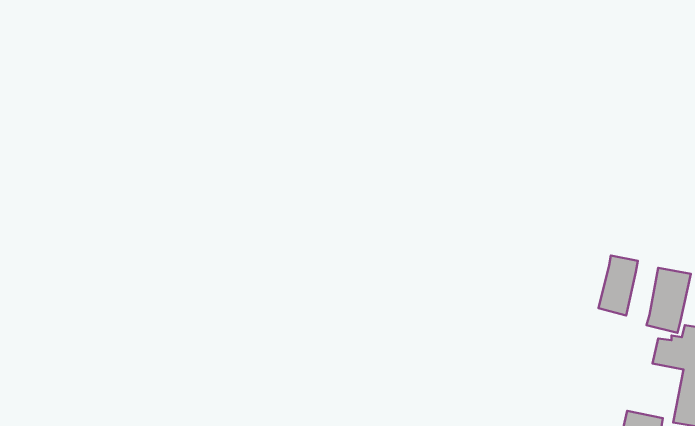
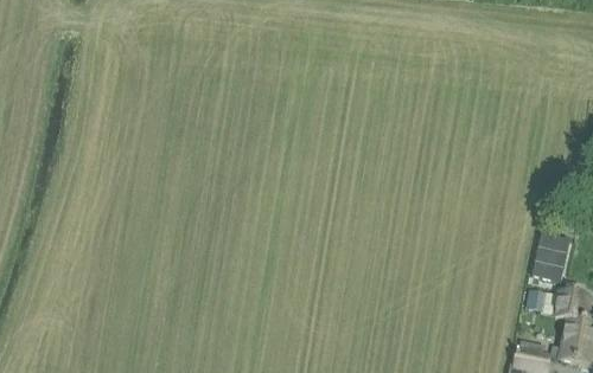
building: [599,255,638,315] -> none

